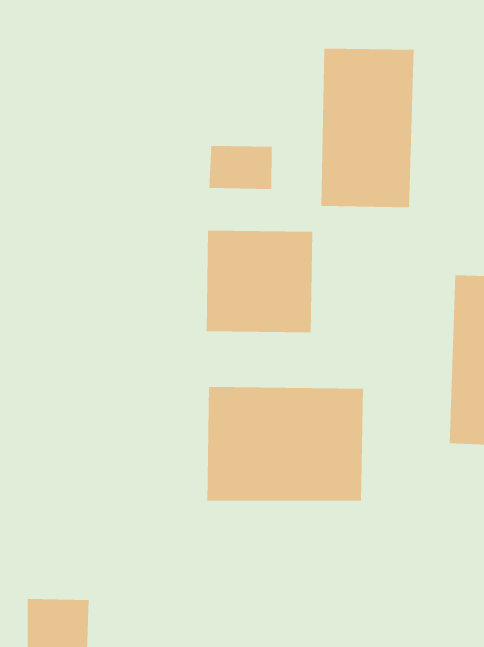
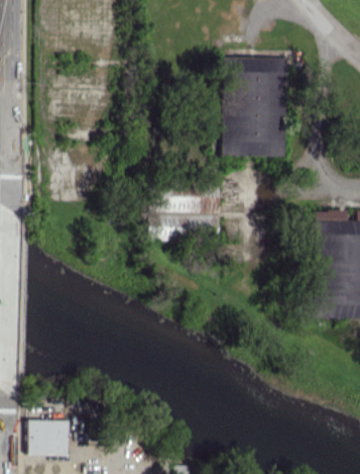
building: [209,145,272,190] -> none
building: [207,386,363,502] -> none

